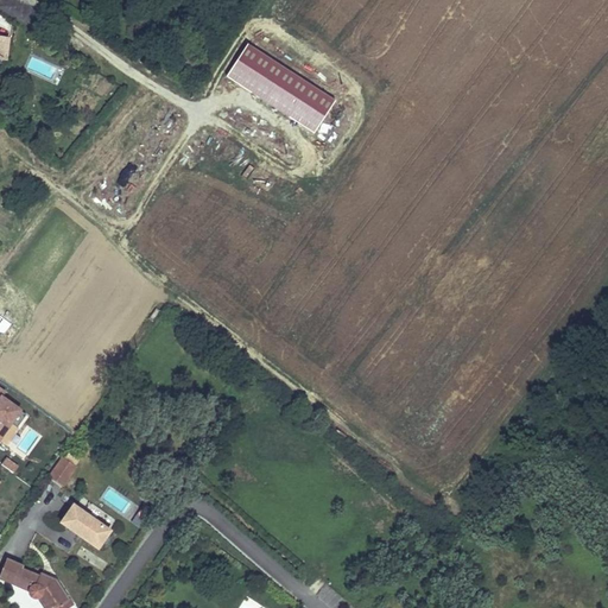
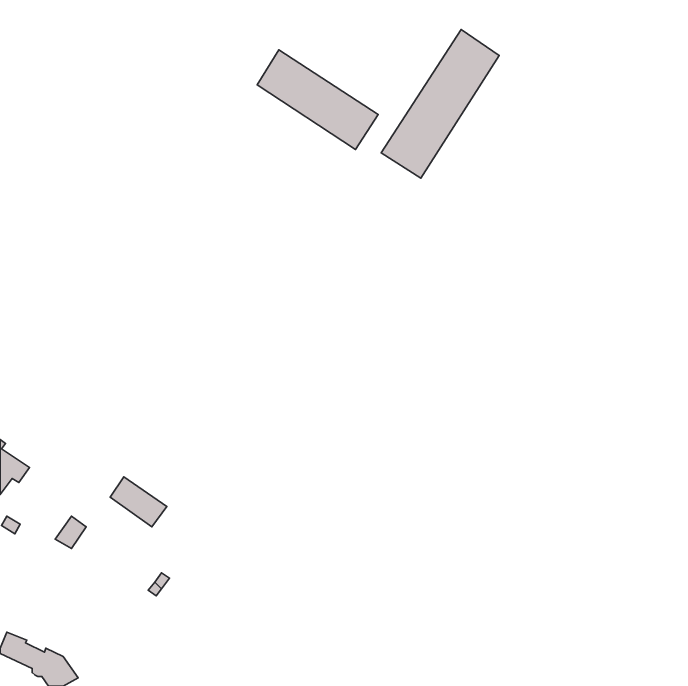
building: none -> [381,29,499,178]
building: [61,504,110,547] -> [110,477,167,527]

